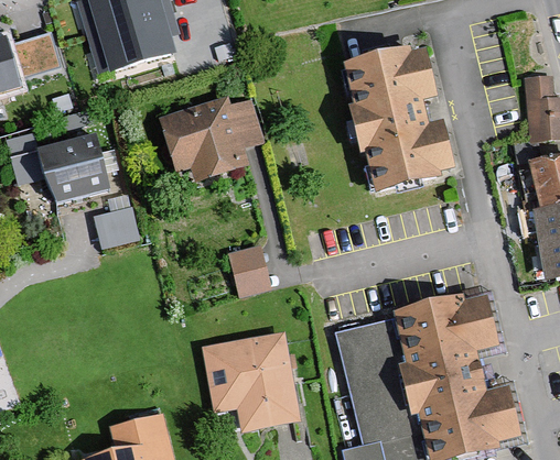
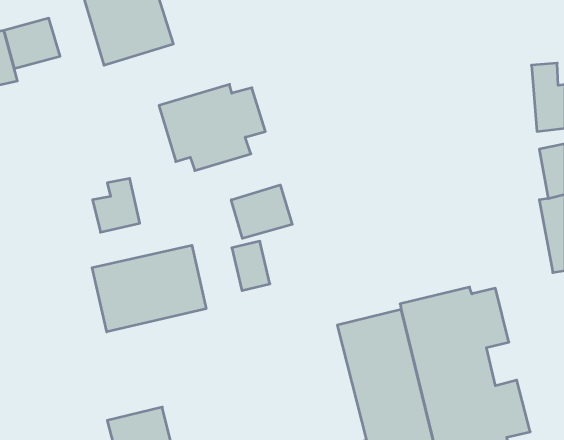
building: [347,51,460,196] -> none
building: [39,133,108,202] -> none
building: none -> [231,185,292,238]
building: none -> [92,245,206,332]
building: [201,330,300,432] -> none

